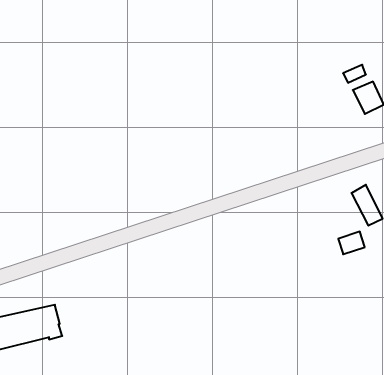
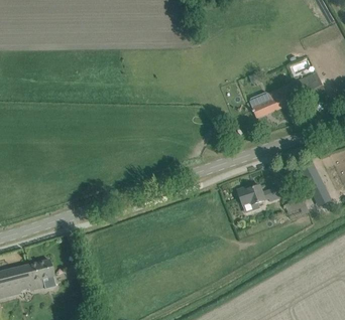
building: none -> [250,86,294,118]
building: none -> [237,185,281,205]

